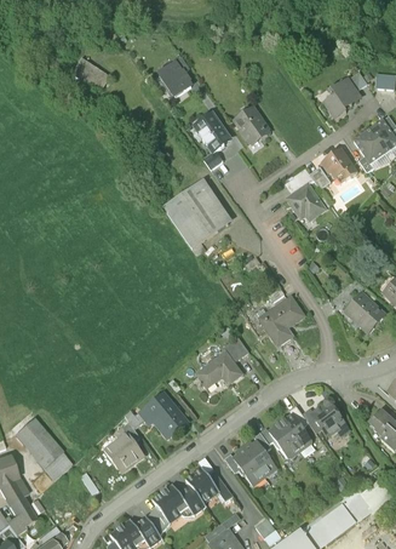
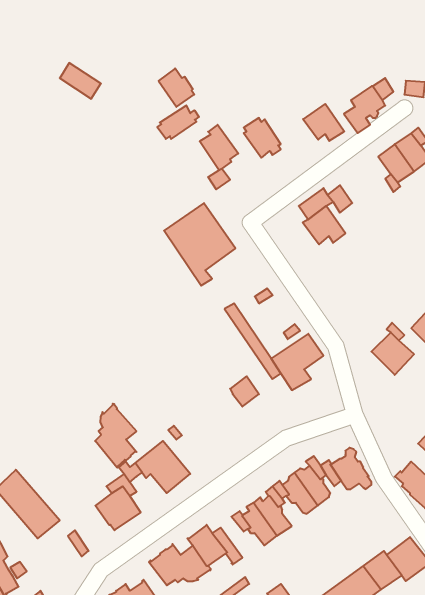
building: none -> [157,105,199,139]
building: [322,148,358,181] -> [303,104,344,141]
building: [195,350,242,388] -> none
building: none -> [95,404,137,468]

